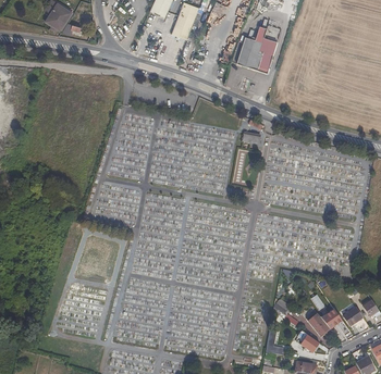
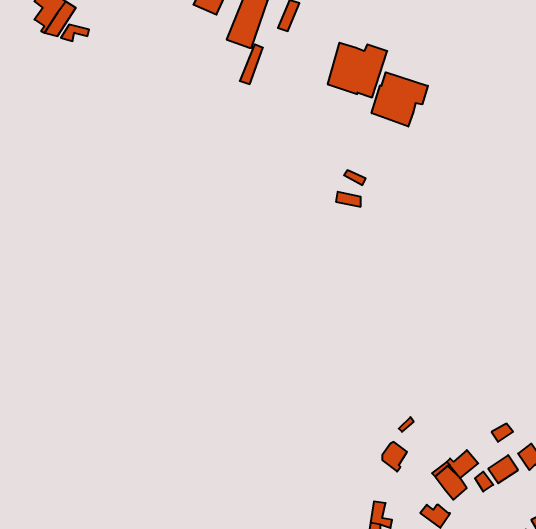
building: none -> [372,72,428,127]

